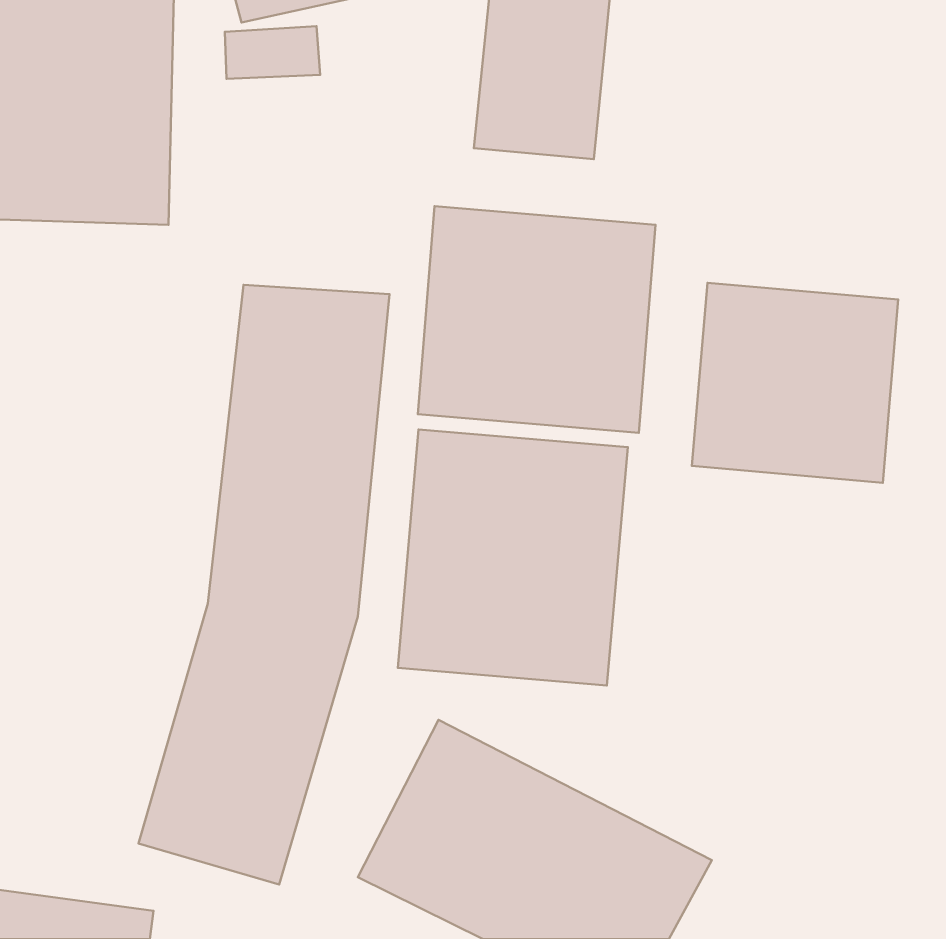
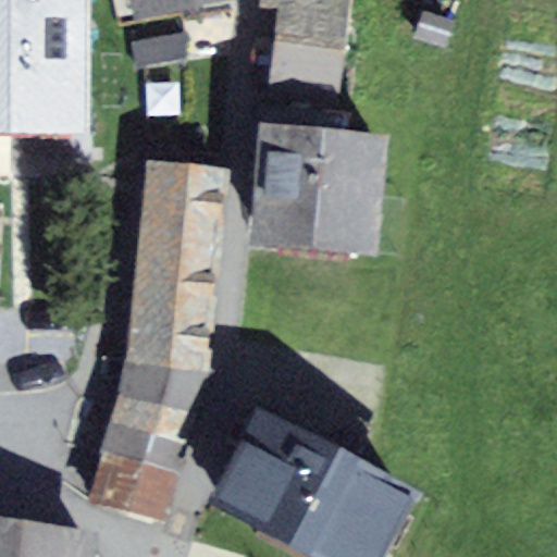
building: [692,283,898,483] -> none
building: [398,429,628,686] -> none

